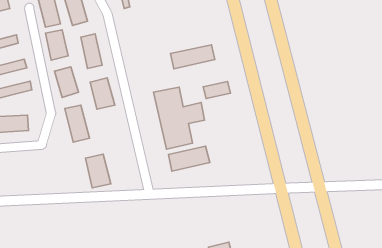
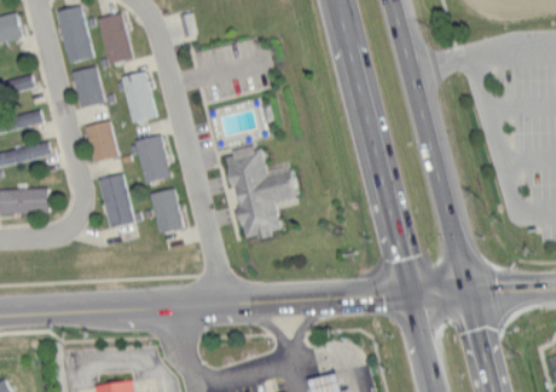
building: [170,45,215,69] -> none
building: [203,81,230,99] -> none
building: [168,146,210,171] -> none
building: [85,154,111,188] -> [151,188,187,236]

